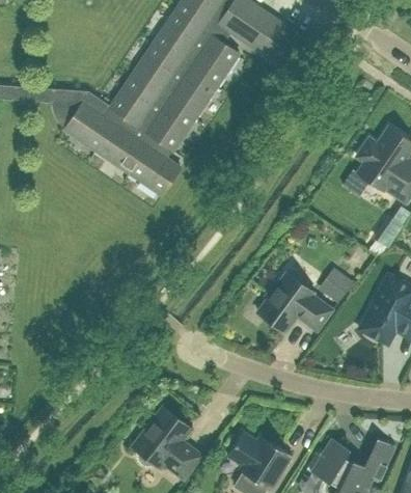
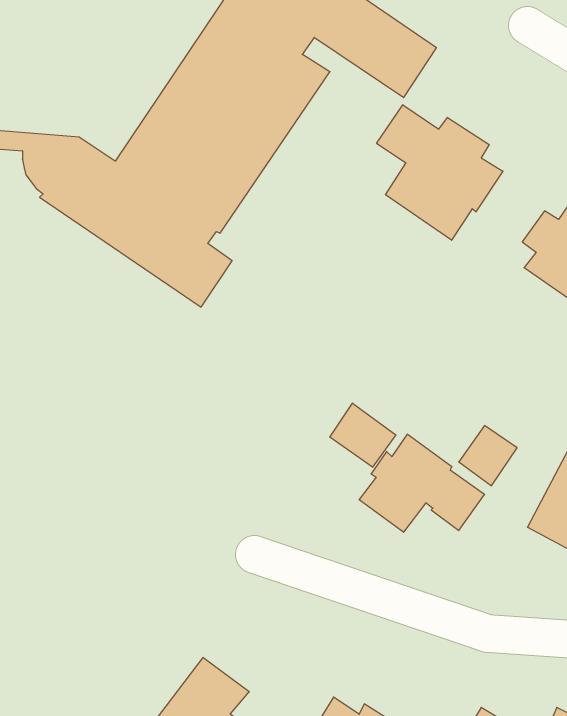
building: none -> [377,105,503,240]
building: none -> [330,403,396,467]

